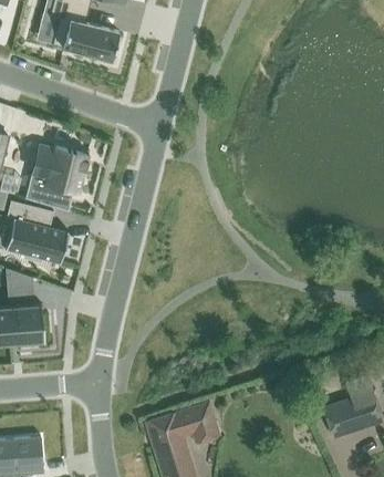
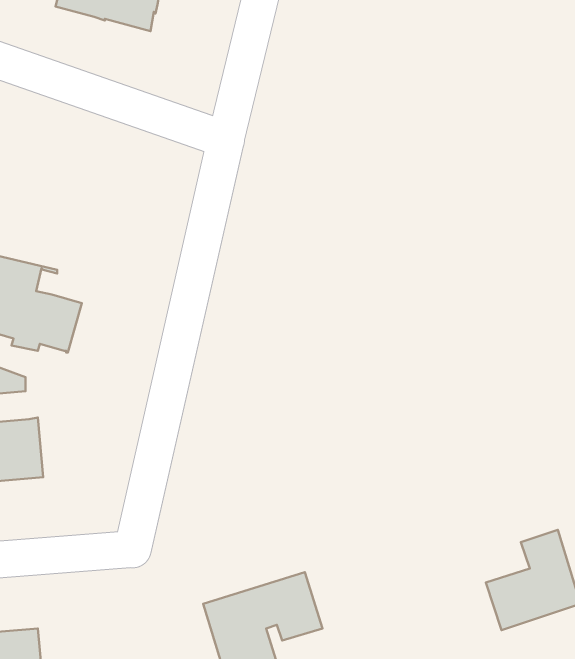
building: [25,147,89,214] -> none

